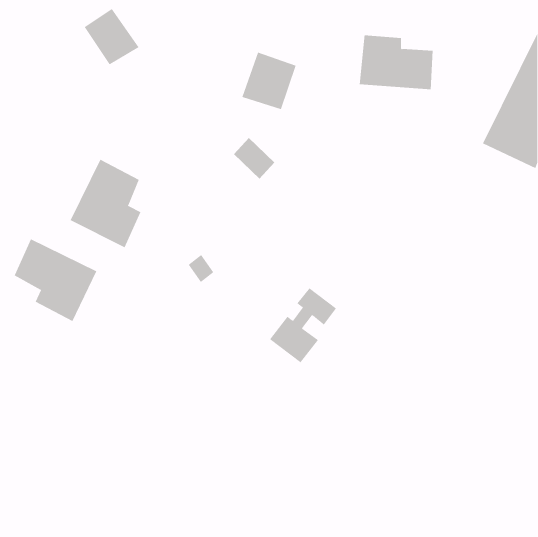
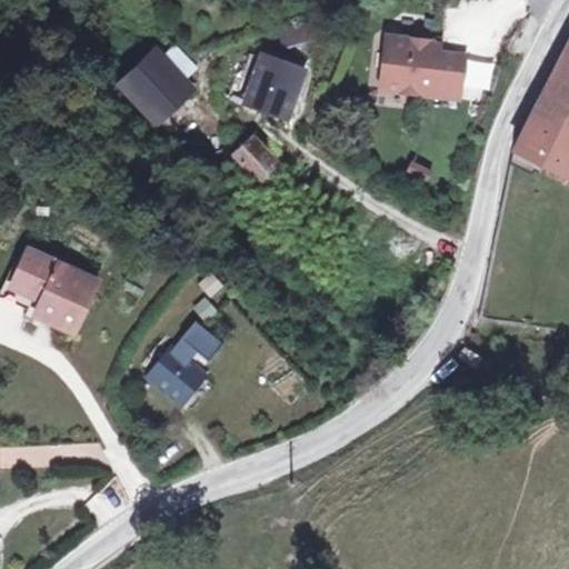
building: [84,8,140,65] -> [130,52,189,112]
building: [70,159,141,248] -> none
building: [269,287,337,363] -> [153,317,224,397]

